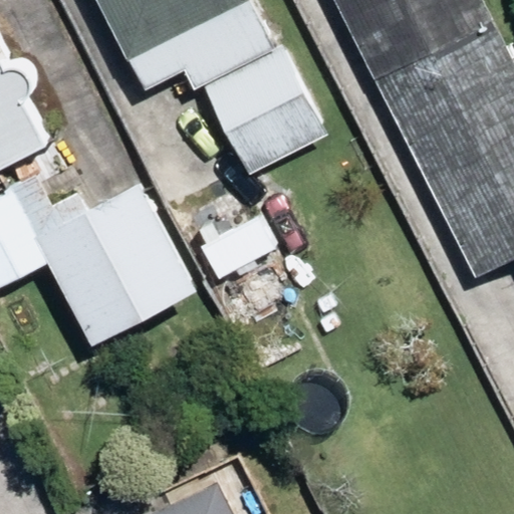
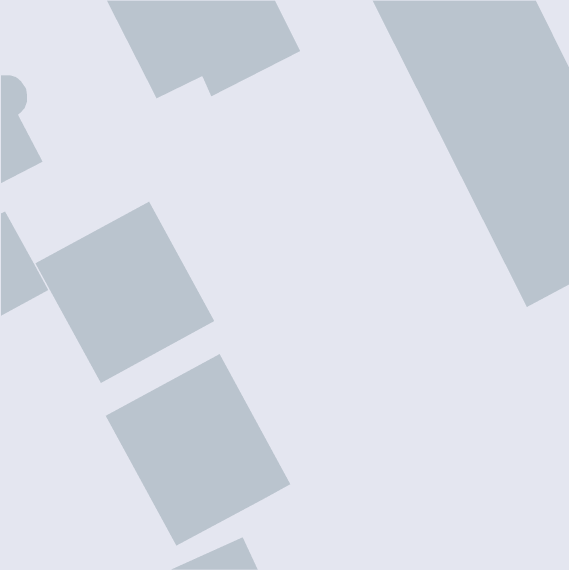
building: [204,49,325,174] -> none
building: none -> [105,353,291,547]

